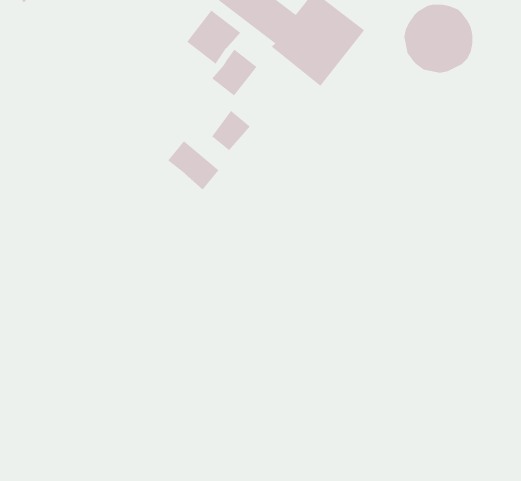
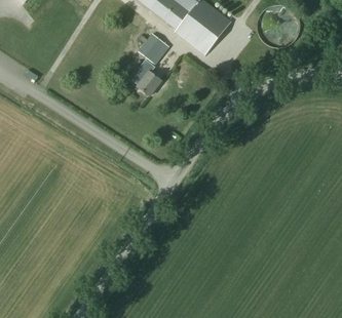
building: [186,10,241,65] -> none
building: [167,140,220,190] -> none

